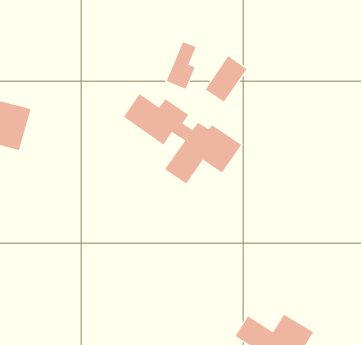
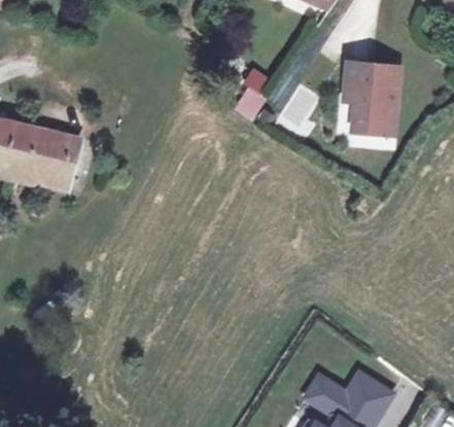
building: none -> [346,68,401,139]
building: [123,93,242,185] -> none

